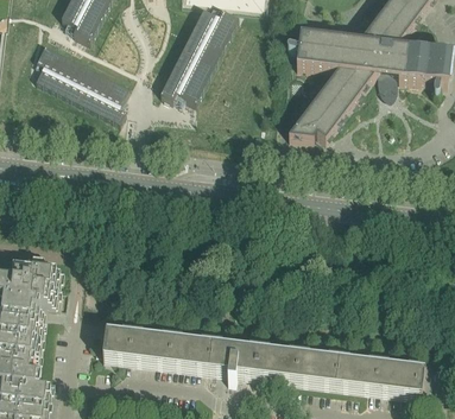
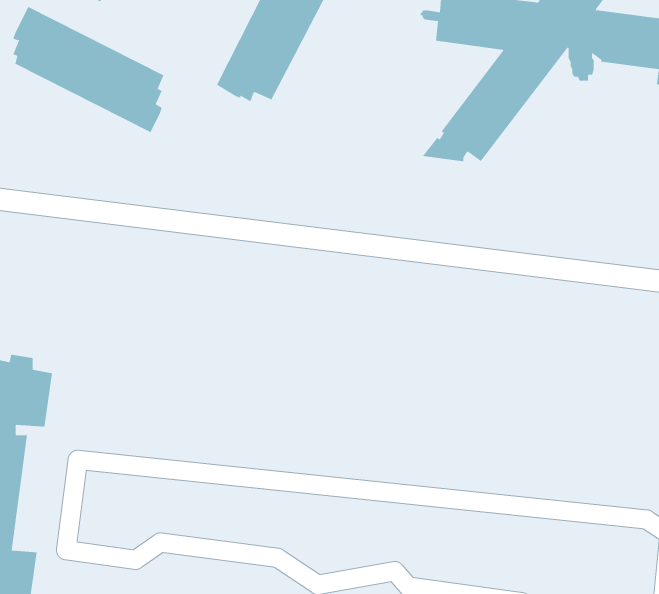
building: [102,334,424,399] -> none

